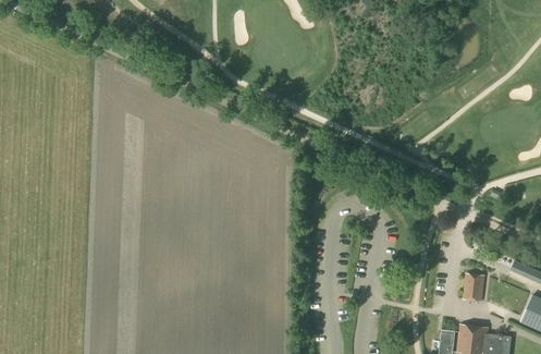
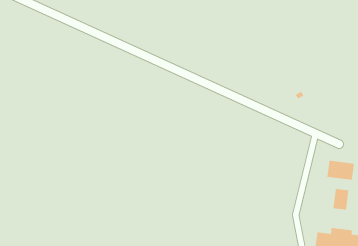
building: none -> [327,160,355,181]

